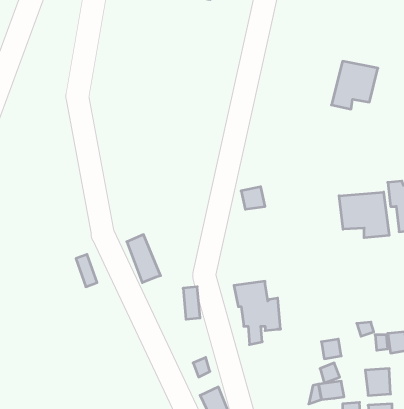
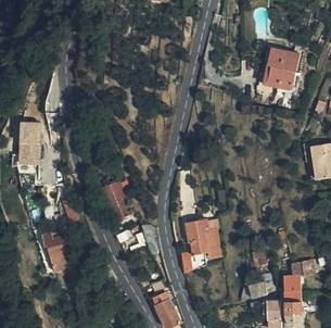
building: none -> [21,118,42,162]
building: [339,192,389,238] -> none
building: none -> [42,232,73,269]

